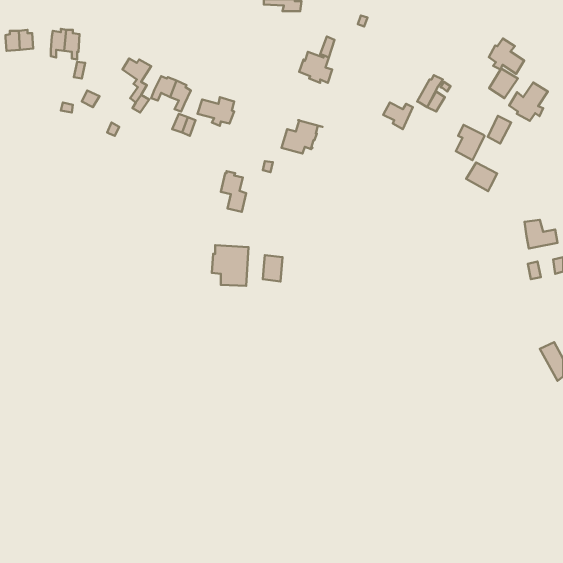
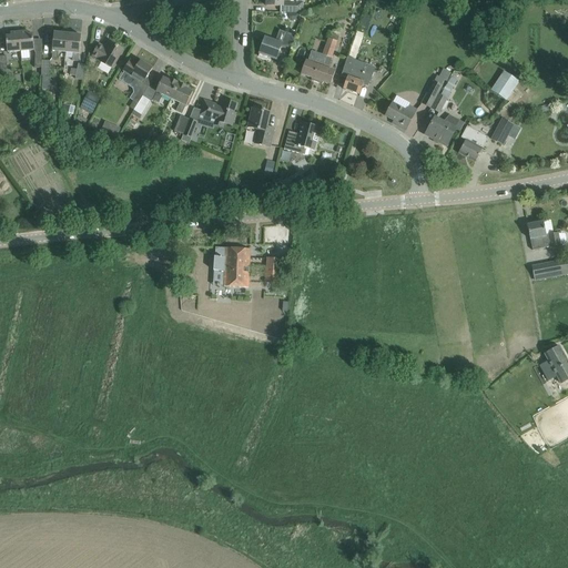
building: none -> [258,30,294,59]
building: [489,39,524,74] -> none
building: none -> [91,40,123,68]
building: none -> [341,55,372,93]
building: [509,82,548,121] -> none
building: [466,162,497,191] -> [424,116,455,145]
building: [221,171,246,212] -> [247,105,273,146]

